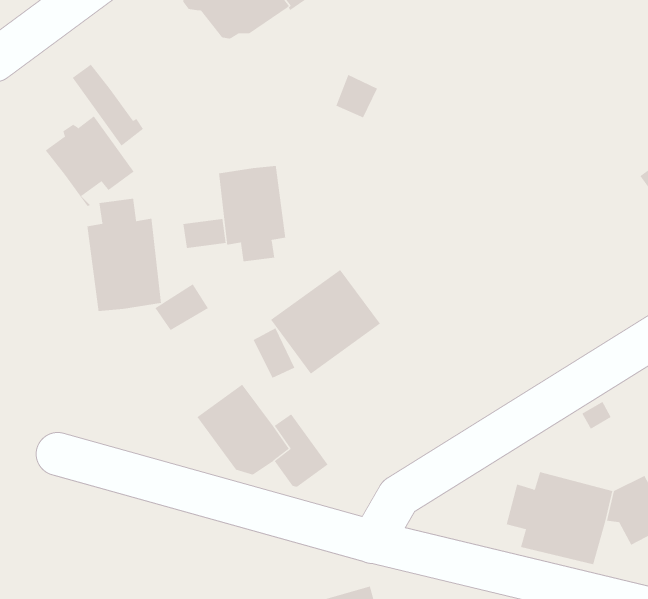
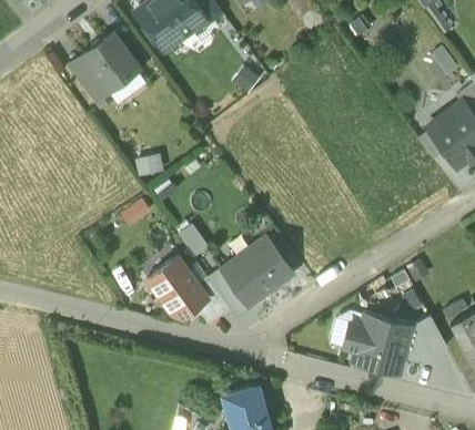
building: [45,115,135,207] -> [81,34,138,92]
building: [219,165,286,262] -> none
building: [87,198,162,312] -> none
building: [270,269,381,374] -> [222,238,292,305]

